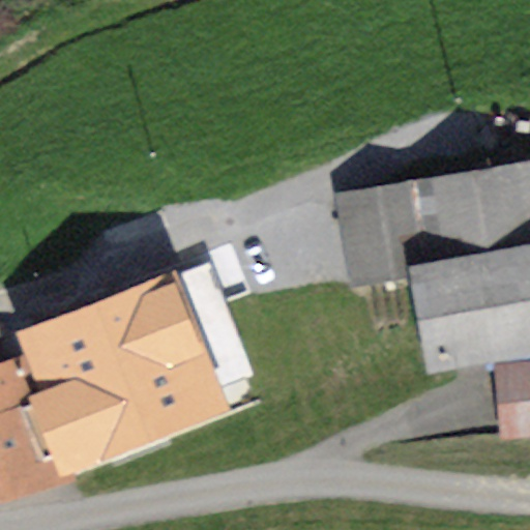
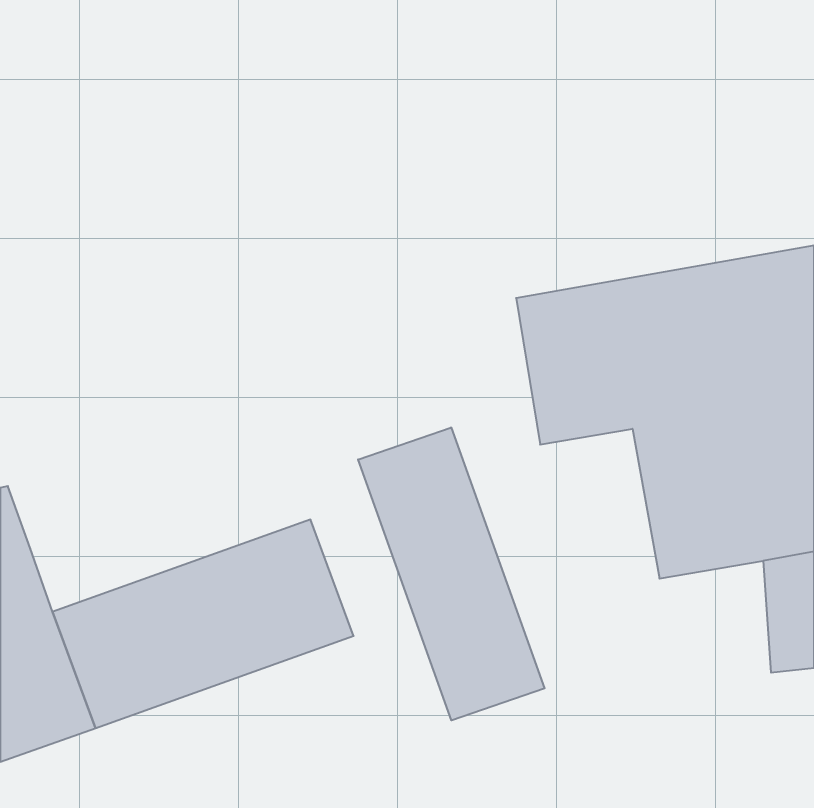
building: [20,272,202,398] -> none
building: none -> [358,427,545,720]

